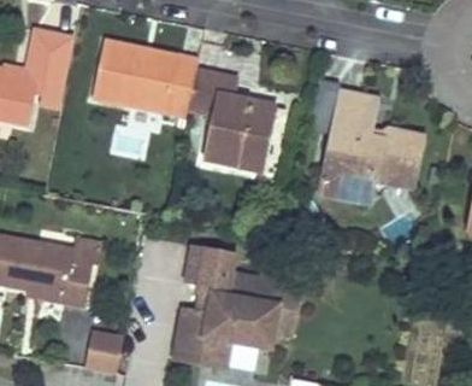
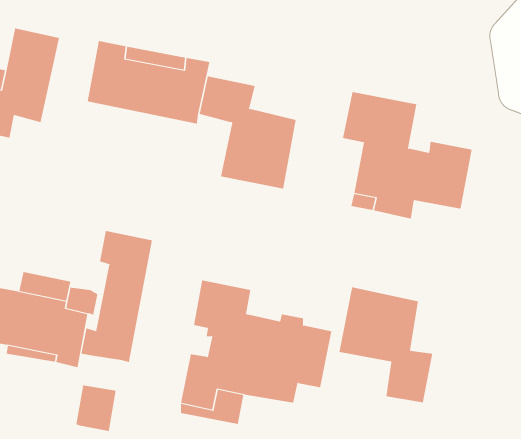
building: none -> [81,230,152,363]
building: none -> [339,286,433,403]

